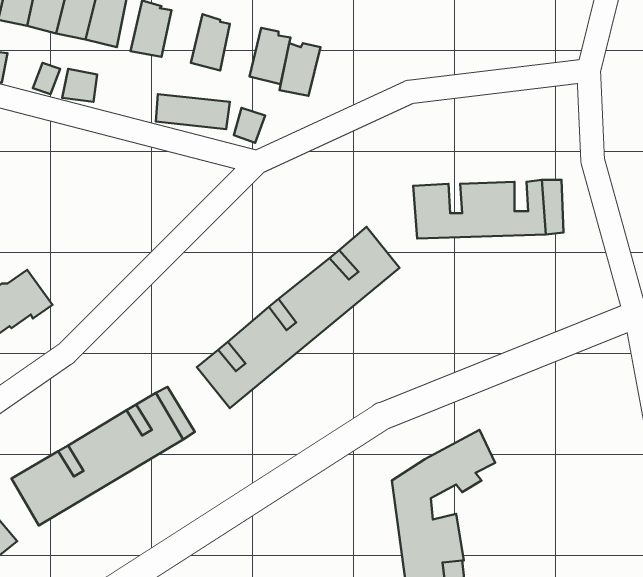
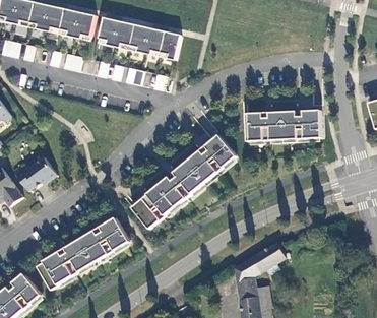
building: none -> [113,20,134,48]
building: [279,43,320,96] -> [143,27,165,55]

